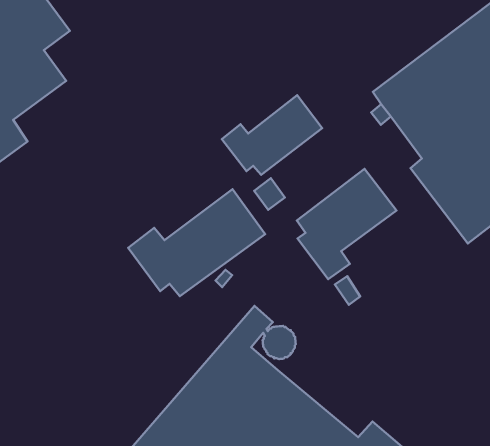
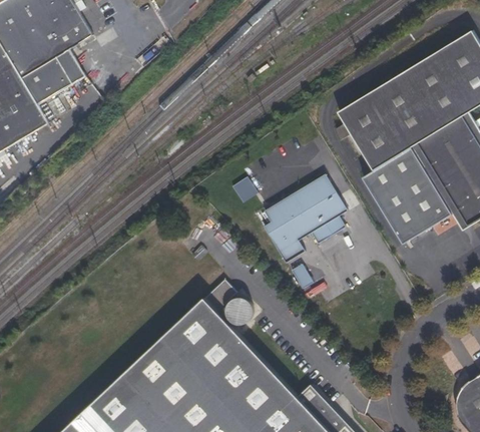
building: [222,95,322,175] -> none
building: [128,189,265,296] -> none

